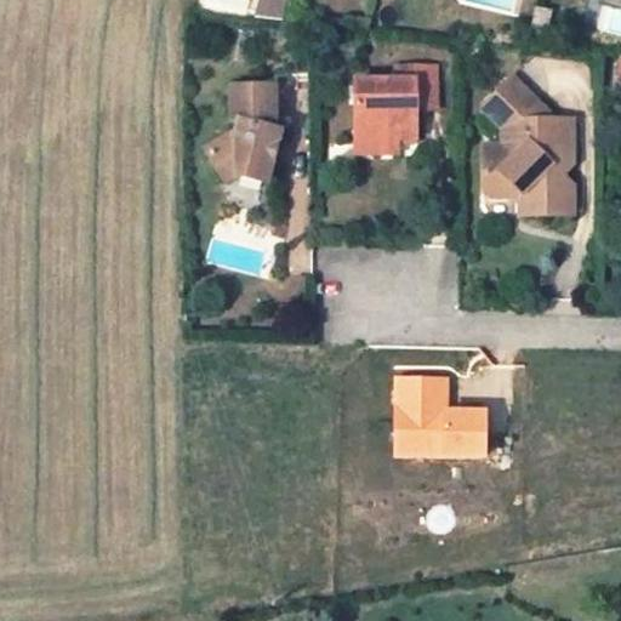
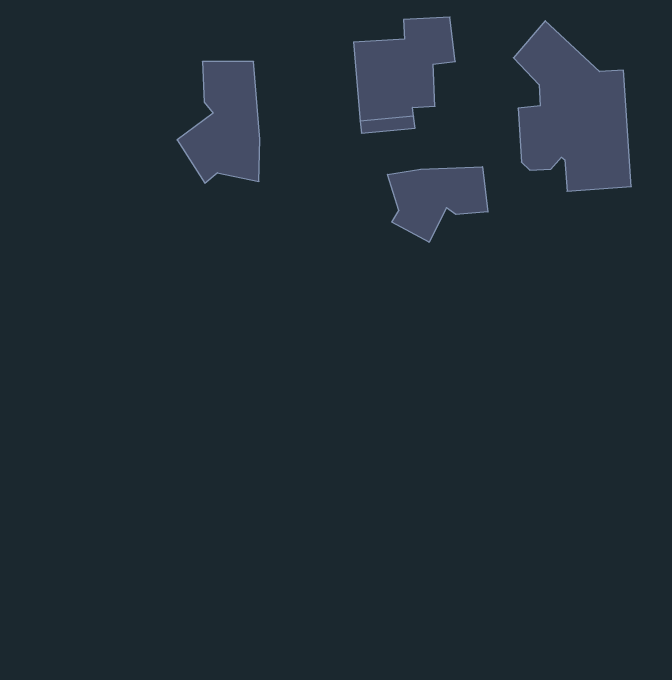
building: none -> [388,167,488,242]
building: [405,384,496,463] -> none

